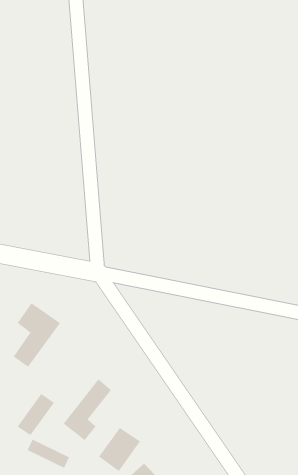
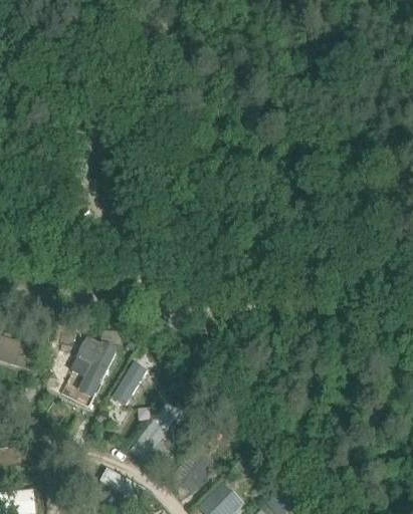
building: [17,393,55,436] -> [111,362,146,407]

